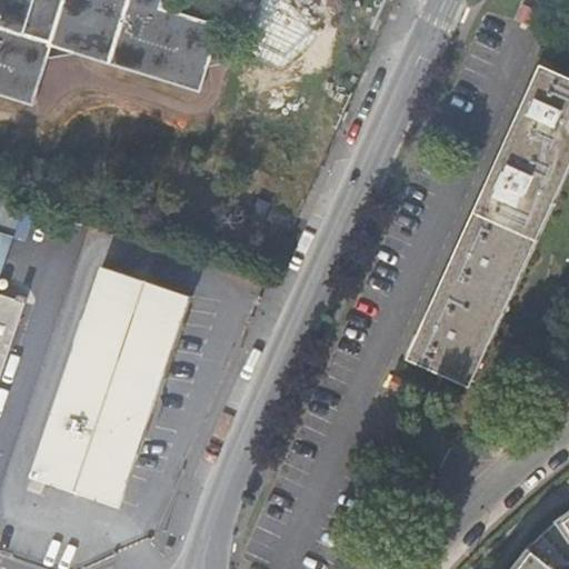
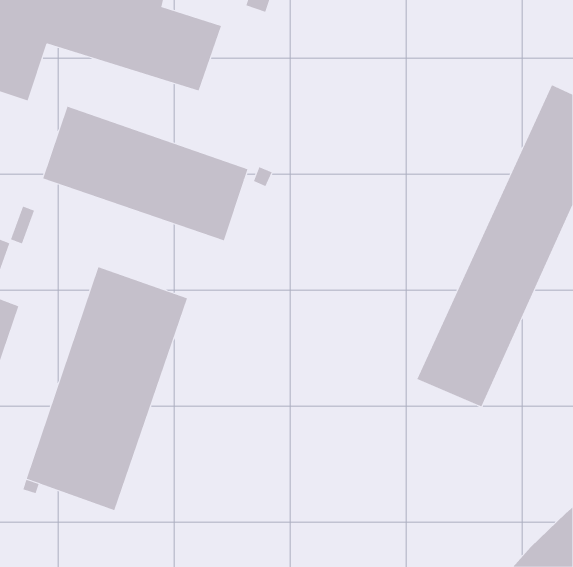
building: none -> [43,106,248,241]

